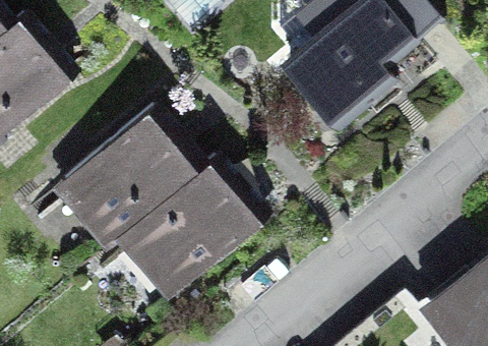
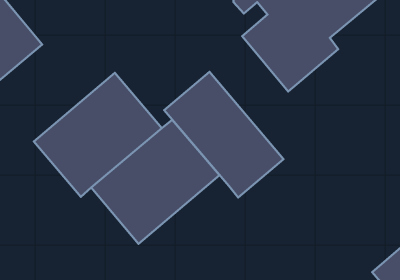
building: none -> [164,72,283,197]

